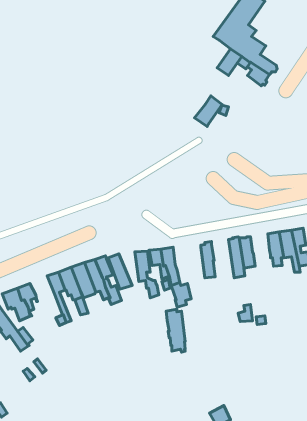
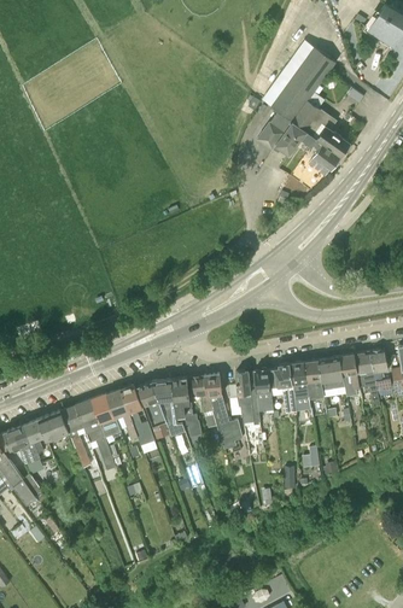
building: [195,96,222,126] -> [257,112,292,151]
building: none -> [317,357,343,391]
building: none -> [268,364,297,414]
building: none -> [151,380,177,427]
building: none -> [39,410,70,443]
building: [166,309,185,352] -> [235,372,259,426]

